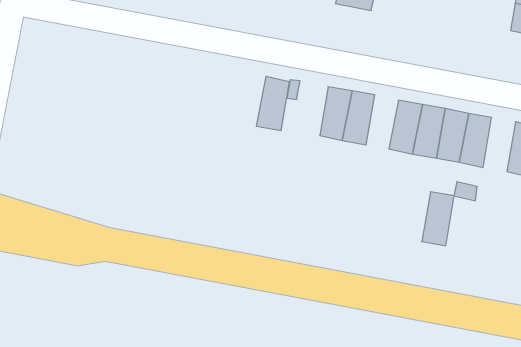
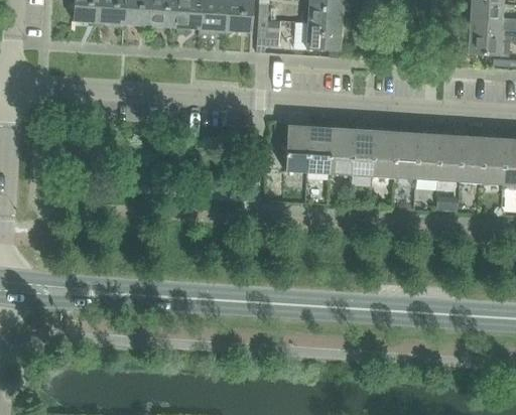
building: [256,76,290,130] -> [284,125,309,172]
building: none -> [351,129,375,176]
building: [422,192,454,246] -> [460,136,484,183]

